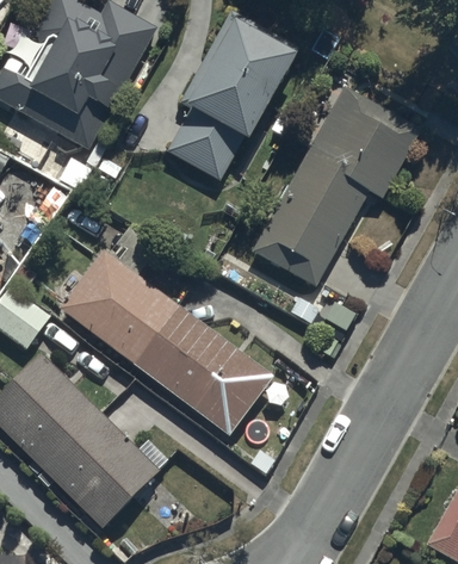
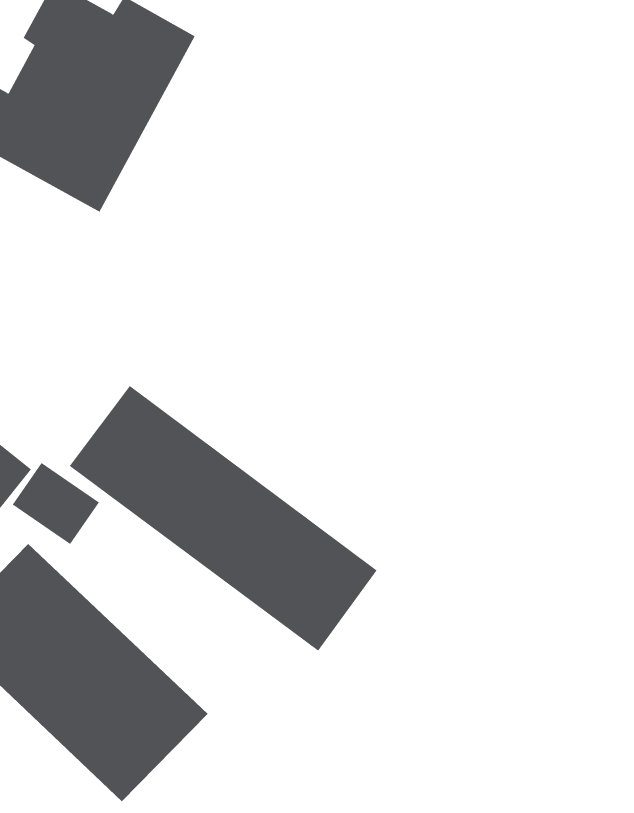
building: [169,19,297,178] -> none
building: [256,91,419,284] -> none

